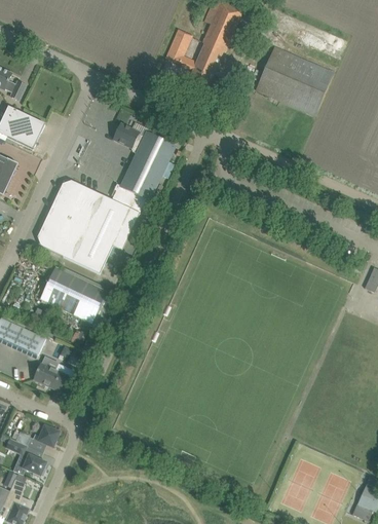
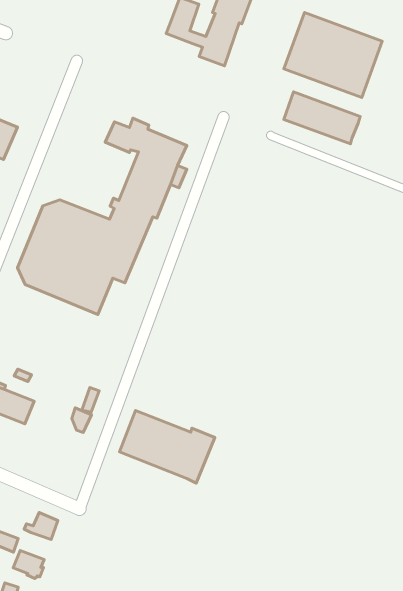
building: none -> [284,92,360,144]
building: [40,267,115,327] -> [120,410,215,483]
building: [33,355,75,391] -> none

